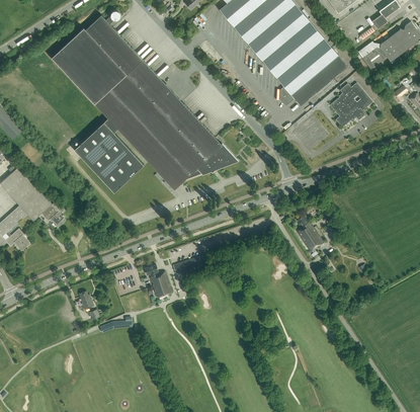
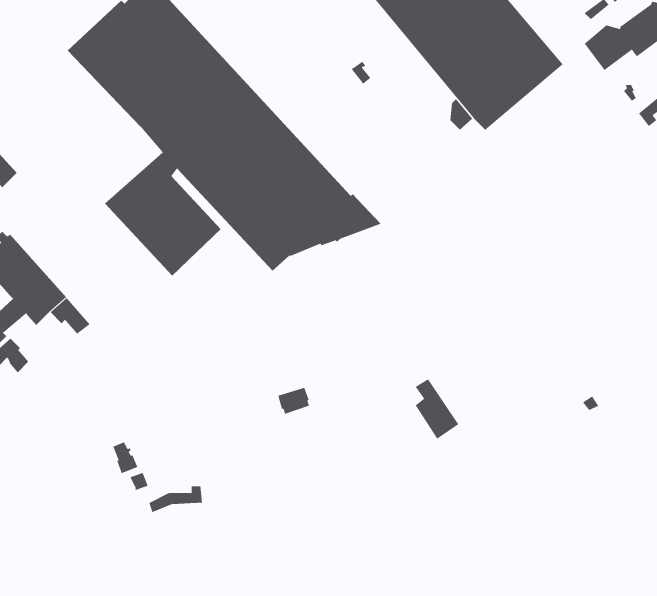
building: [330,82,372,128] -> none
building: [297,215,323,251] -> [415,378,459,440]
building: [145,264,172,298] -> none

